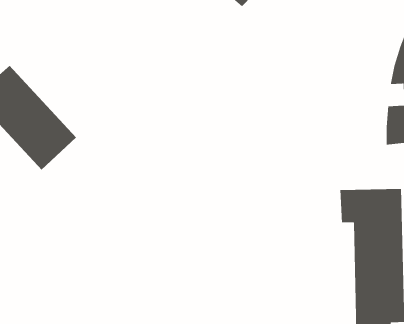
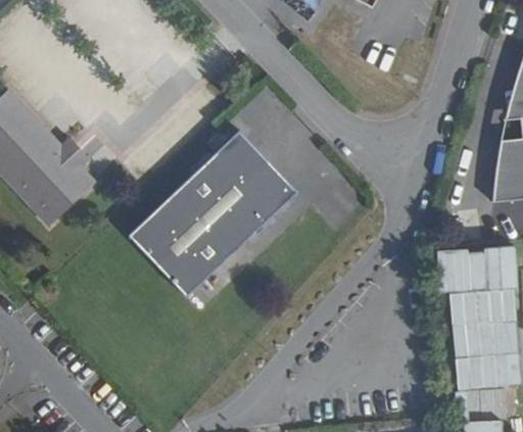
building: none -> [134,126,305,296]

